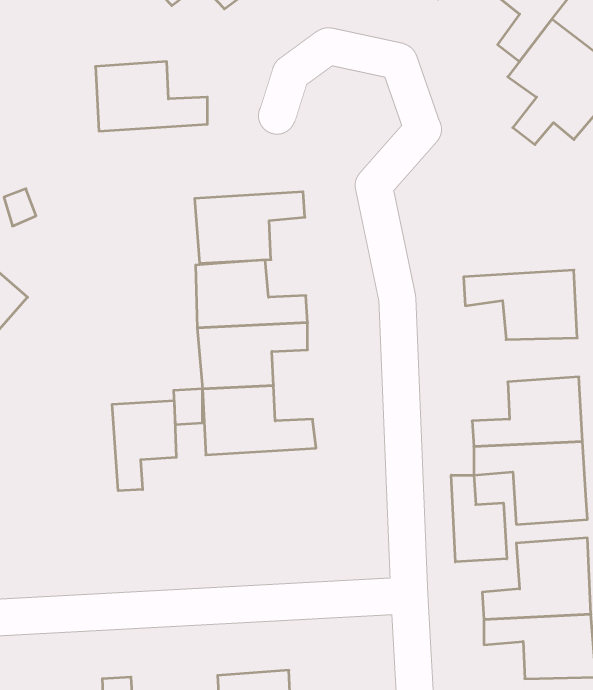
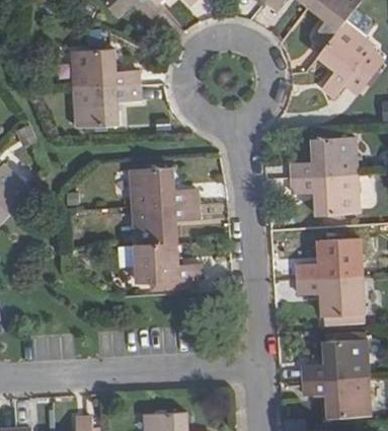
building: [195,192,305,263] -> [73,86,139,129]
building: none -> [290,137,357,177]
building: [112,400,176,491] -> none
building: [451,475,507,562] -> none

